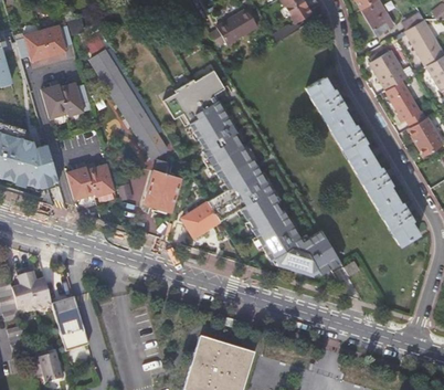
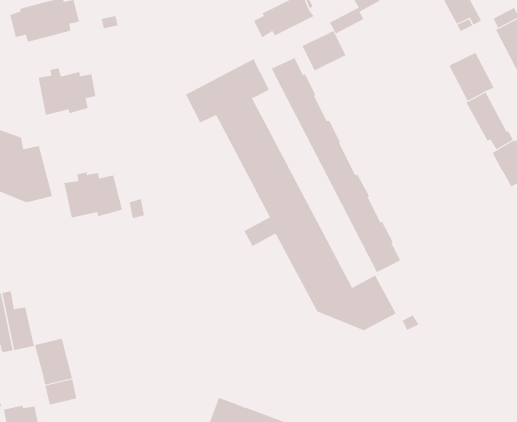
building: none -> [302,30,346,71]
building: [87,50,171,162] -> none
building: [305,76,417,244] -> [271,57,401,273]
building: [144,170,180,211] -> none
building: [181,202,221,235] -> none

